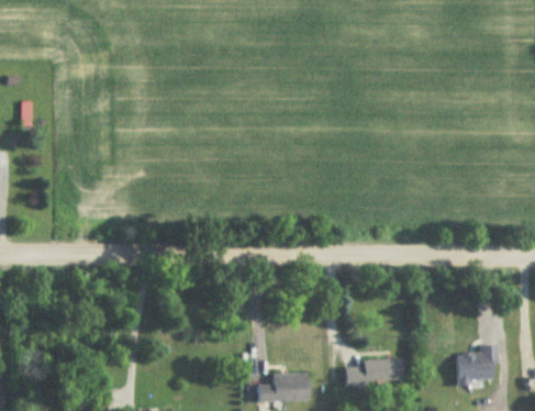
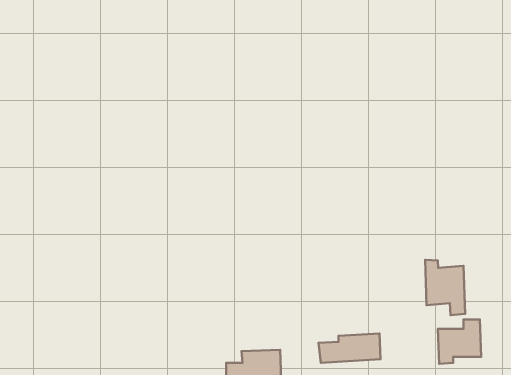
building: none -> [425,260,465,315]

